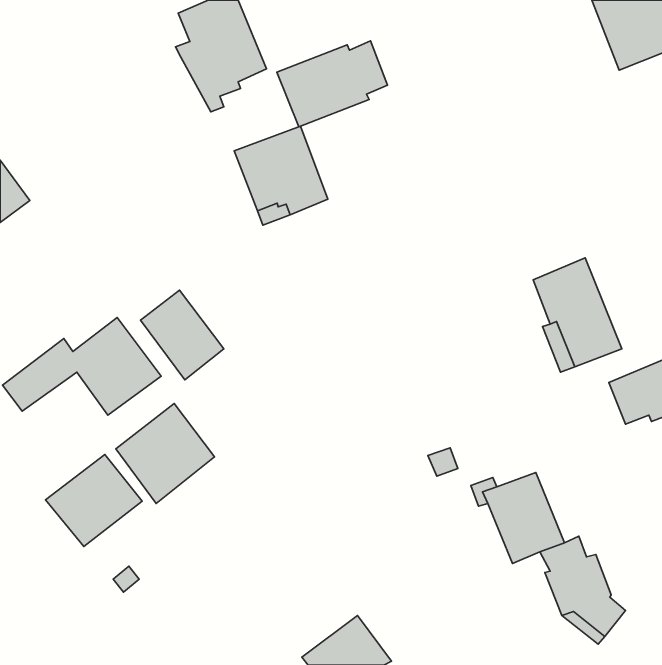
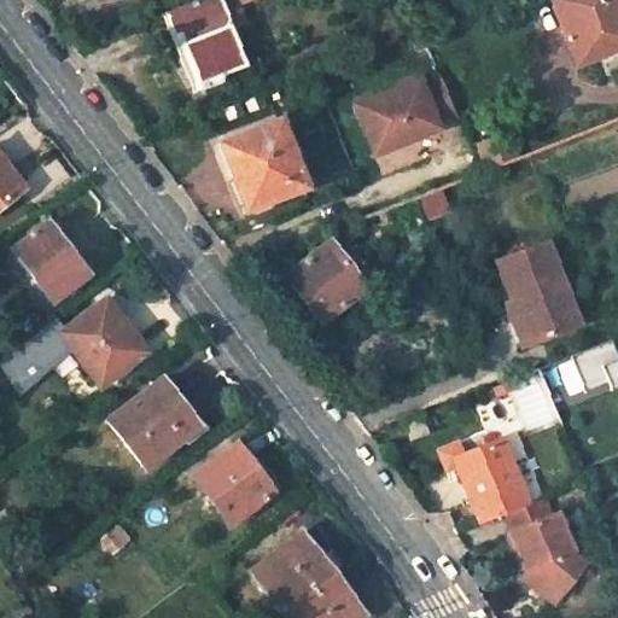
building: [277,41,387,127] -> [354,74,456,153]
building: none -> [287,241,368,315]
building: [140,290,224,380] -> [16,217,93,301]
building: [46,455,142,546] -> none
building: none -> [193,438,278,524]
building: none -> [252,529,334,610]

